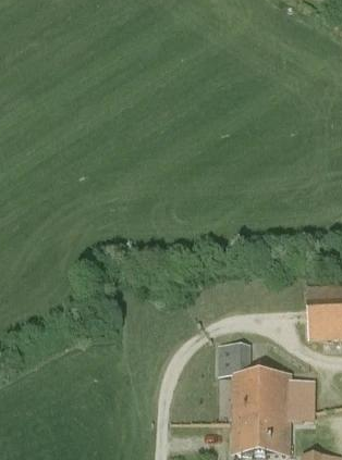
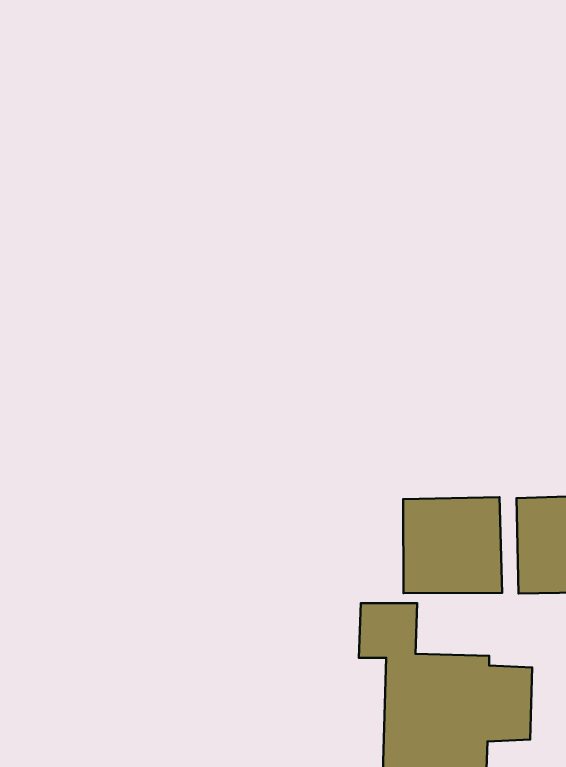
building: none -> [403,497,502,593]

